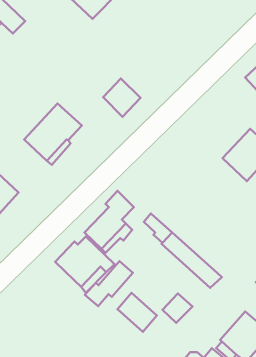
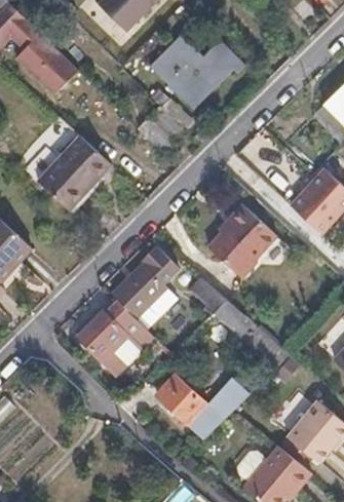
building: none -> [16,33,78,94]
building: none -> [150,35,244,109]
building: none -> [204,199,273,275]
building: [85,261,133,306] -> none
building: none -> [189,396,231,439]

